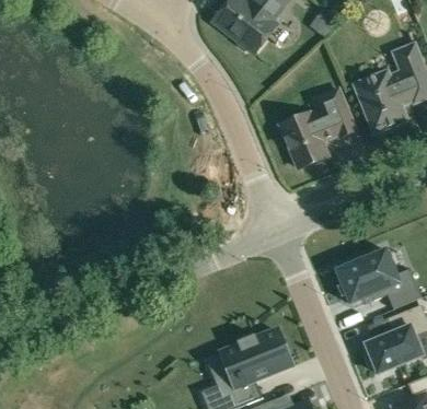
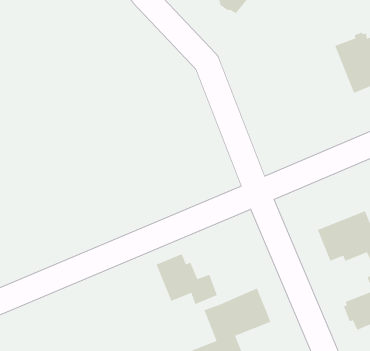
building: [280,90,355,168] -> none
building: none -> [155,253,218,305]

